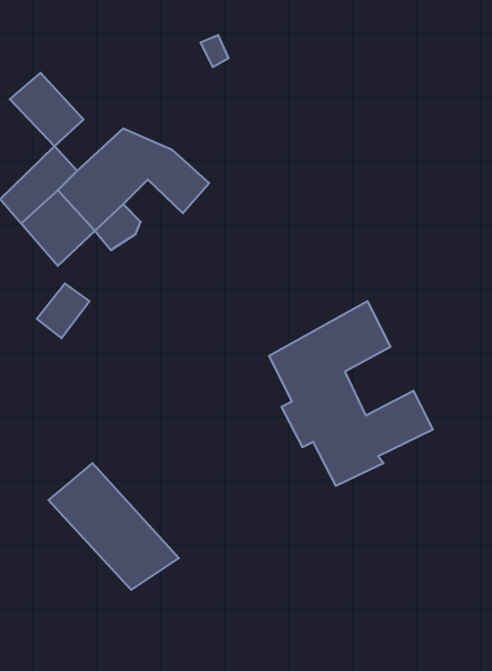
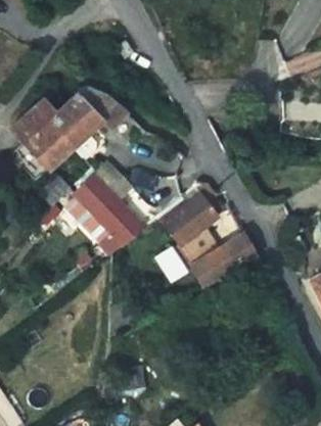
building: [10,73,83,146] -> none
building: [48,463,179,590] -> [59,176,135,249]

